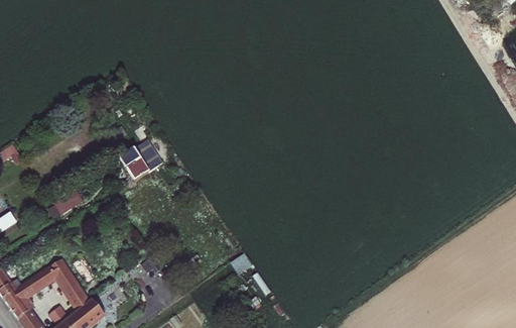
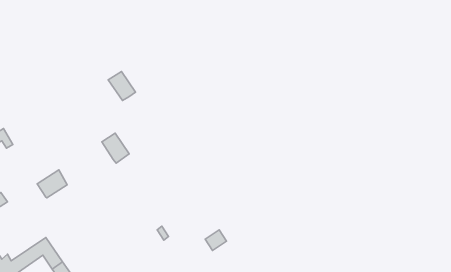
building: [132,139,161,171] -> [108,71,135,101]

